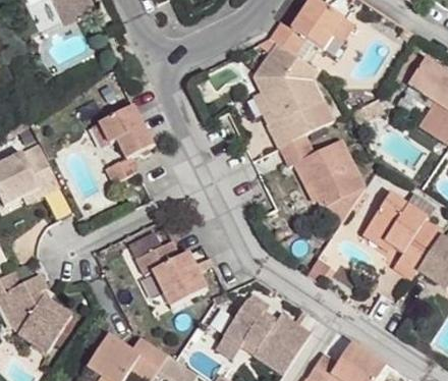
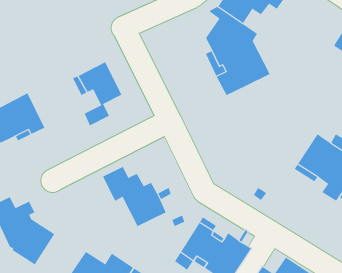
building: [279,134,365,221] -> none

